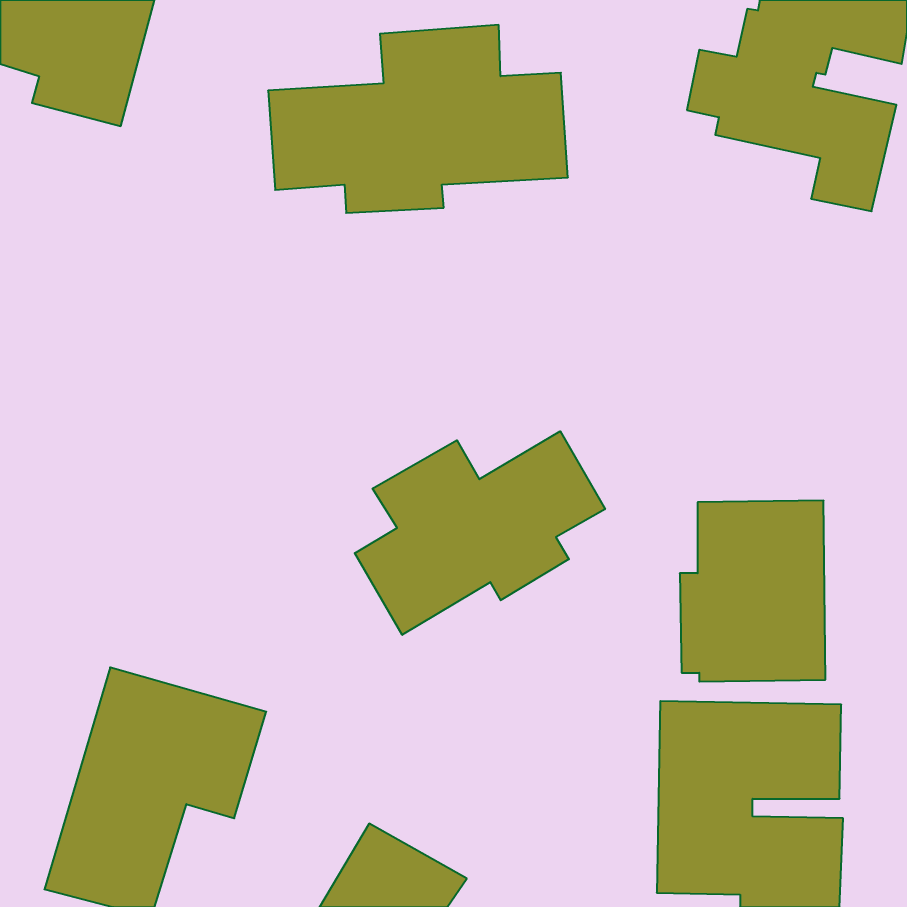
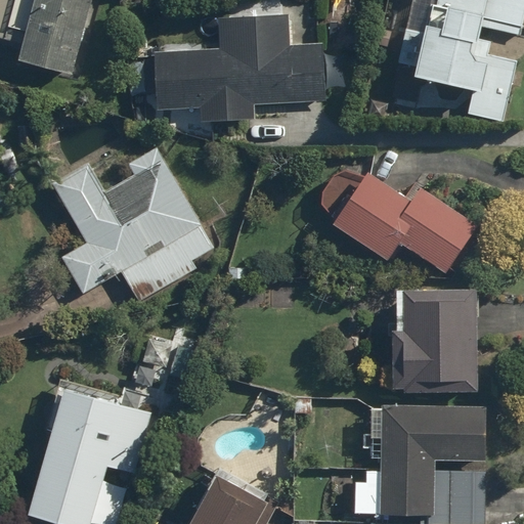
building: none -> [49,146,214,299]
building: none -> [332,171,477,273]
building: [355,431,605,635] -> none

